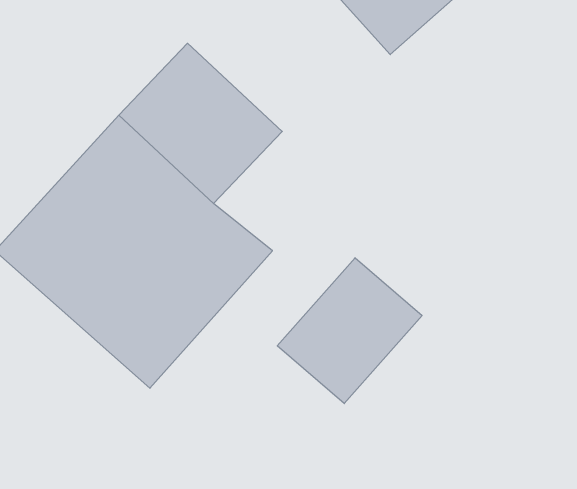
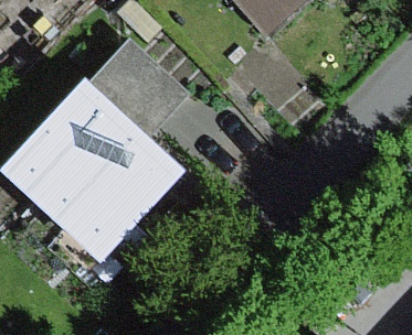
building: [277,258,422,404] -> none

